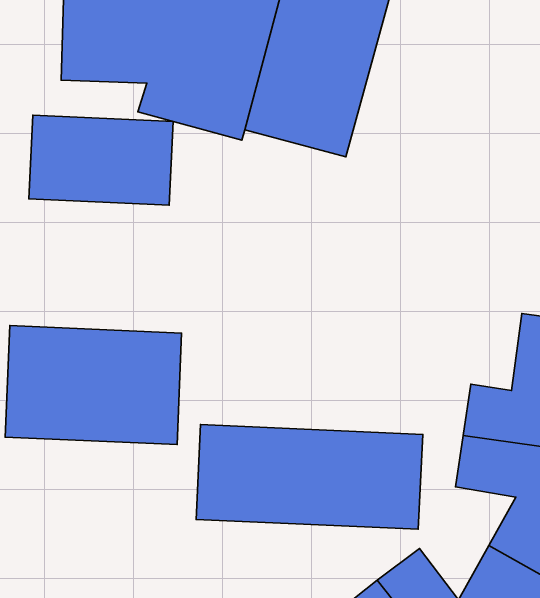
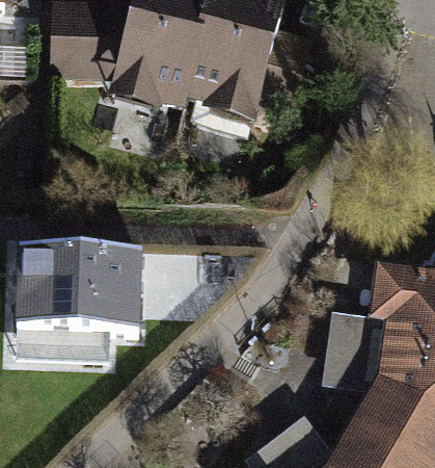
building: [29,115,173,205] -> none
building: [196,425,423,529] -> none

